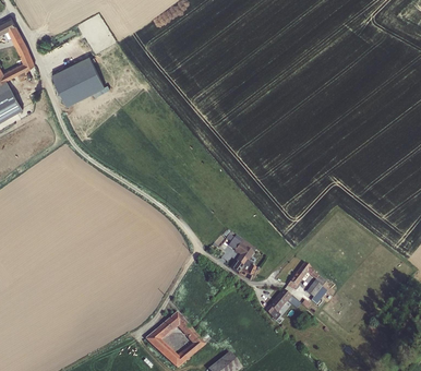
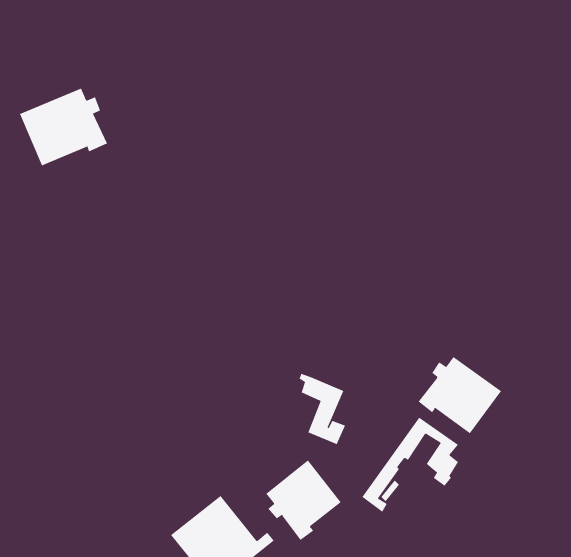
building: none -> [418,356,502,434]
building: none -> [266,460,341,541]

